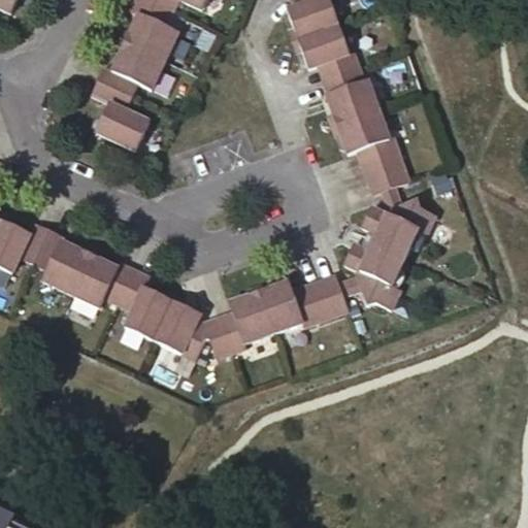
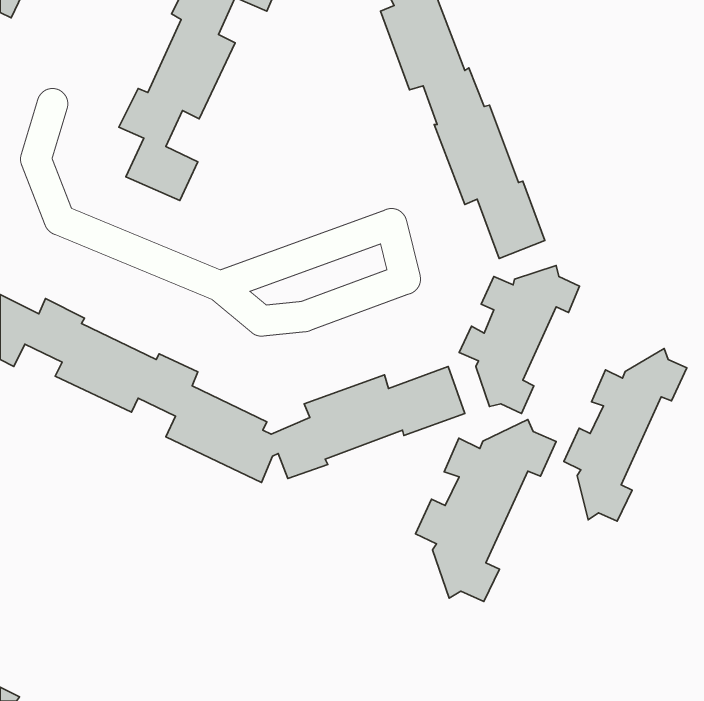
building: none -> [564,348,687,521]
building: none -> [416,419,556,601]

